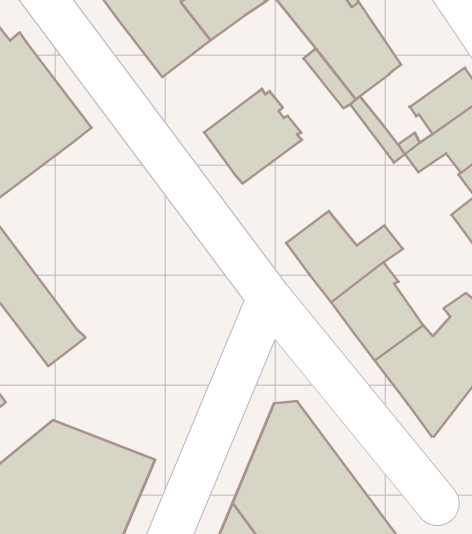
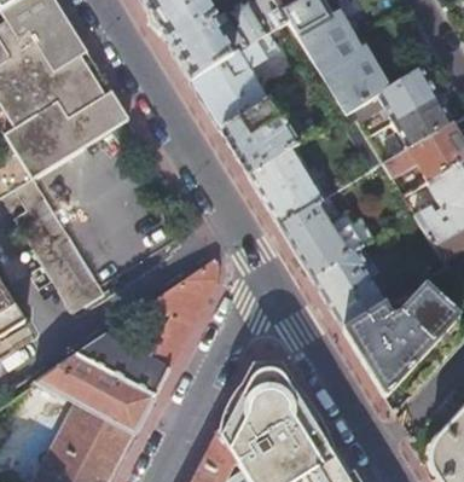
building: none -> [190,36,271,129]
building: none -> [376,66,439,123]
building: none -> [248,146,326,226]
building: none -> [75,259,216,394]

